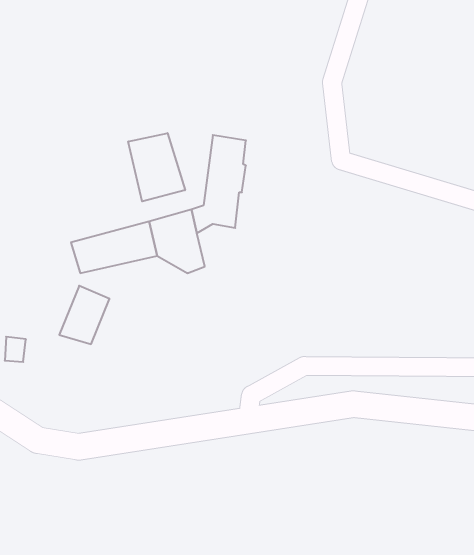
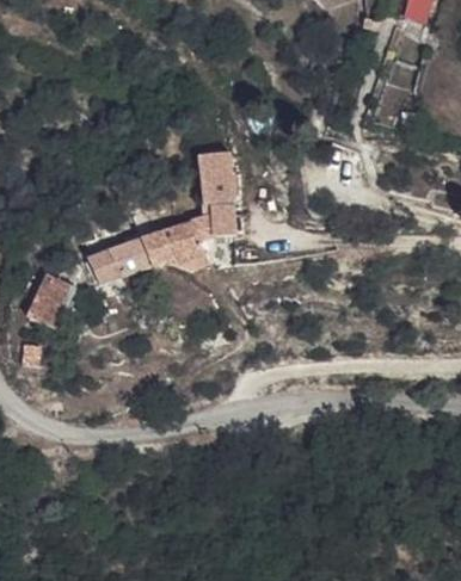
building: [128,133,185,201] -> none
building: [59,286,110,344] -> [26,268,72,321]

